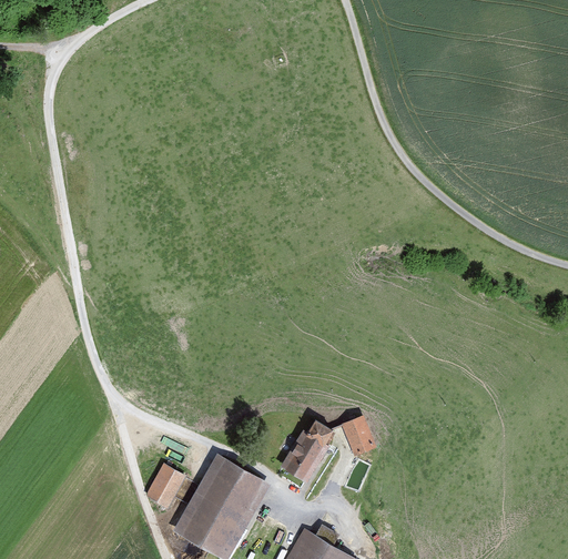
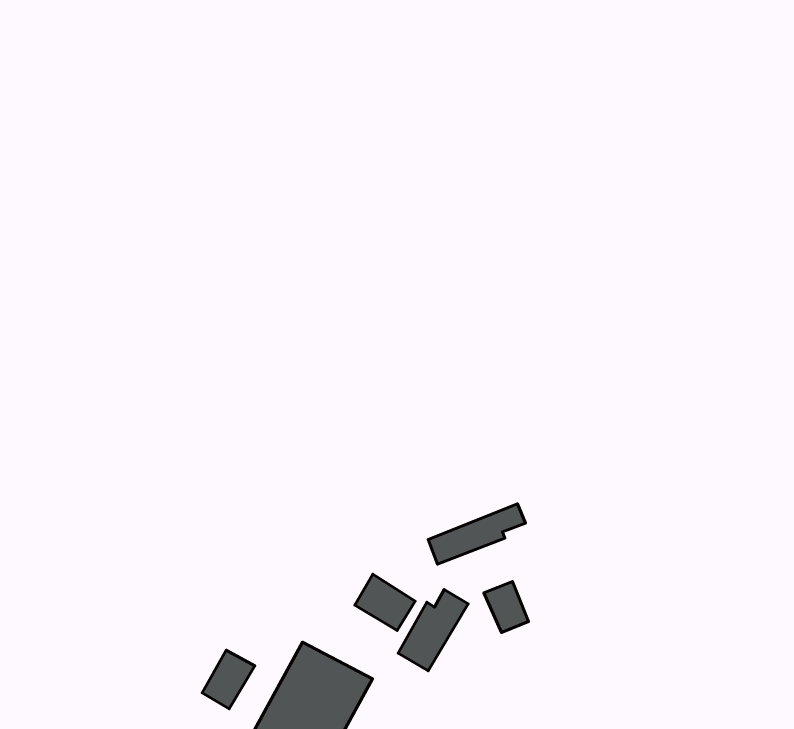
building: none -> [428,504,525,564]
building: none -> [355,574,415,630]

